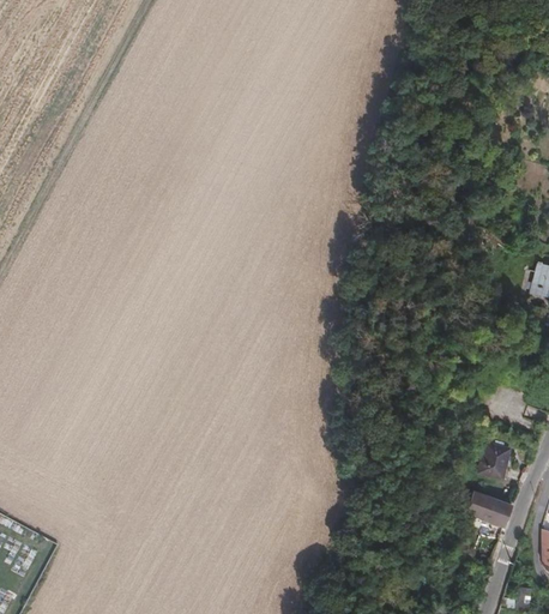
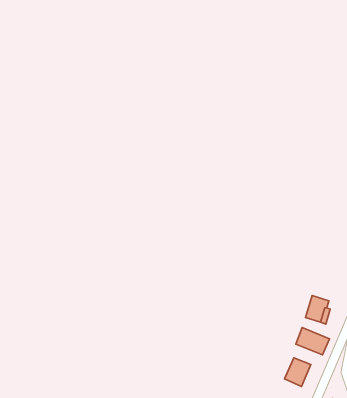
building: none -> [284,358,311,387]

